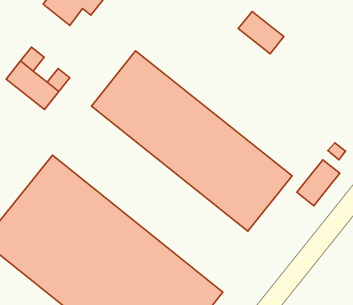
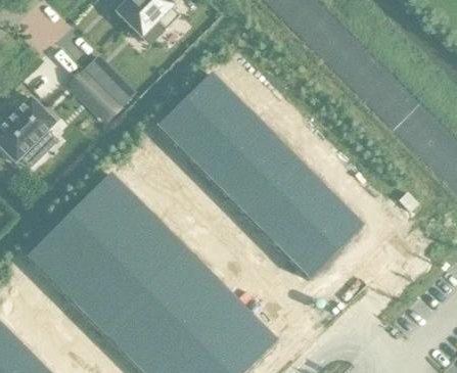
building: [238,11,284,54] -> none
building: [297,160,340,206] -> none

